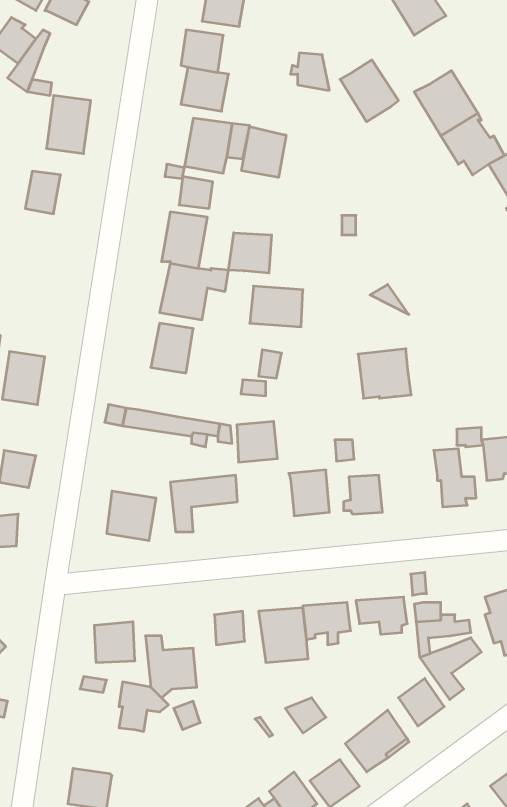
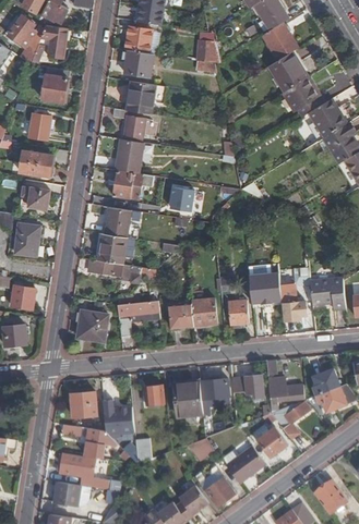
building: none -> [40,24,67,58]
building: [340,60,398,122] -> [261,22,297,60]
building: [242,126,286,177] -> none
building: none -> [20,150,52,176]
building: [229,233,272,273] -> none
building: none -> [21,186,50,209]
building: [358,349,411,398] -> [250,272,283,303]
building: none -> [98,234,127,265]
building: [237,421,277,462] -> [169,303,194,328]
building: none -> [59,452,109,489]

